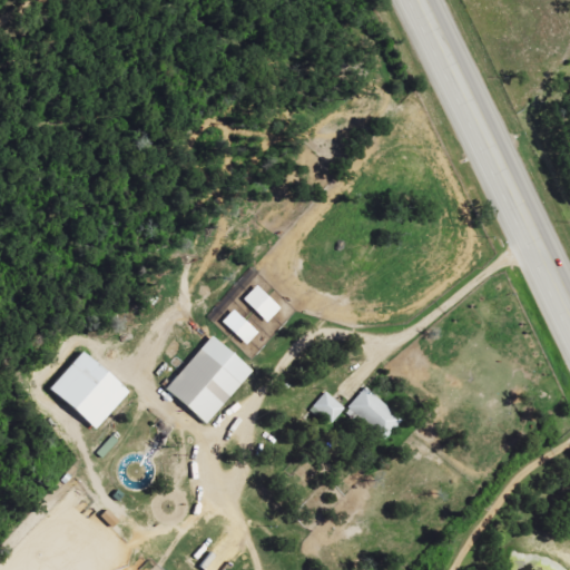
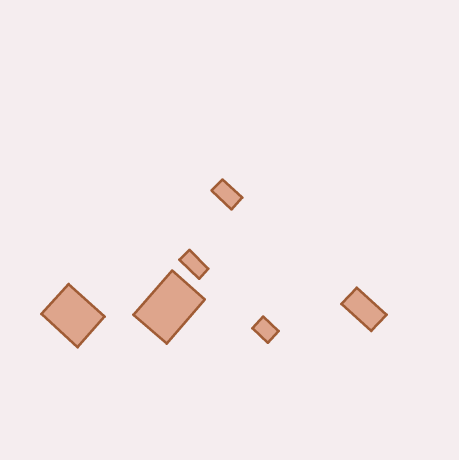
building: [243,285,281,322] -> [212,180,242,209]
building: [346,386,402,440] -> [341,288,387,331]

